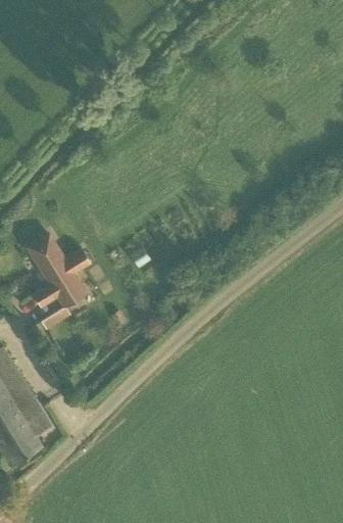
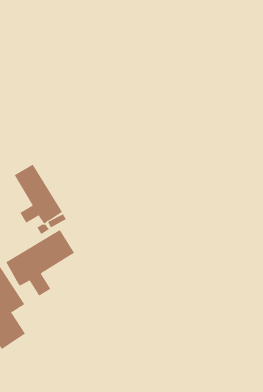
building: none -> [6,229,75,296]

